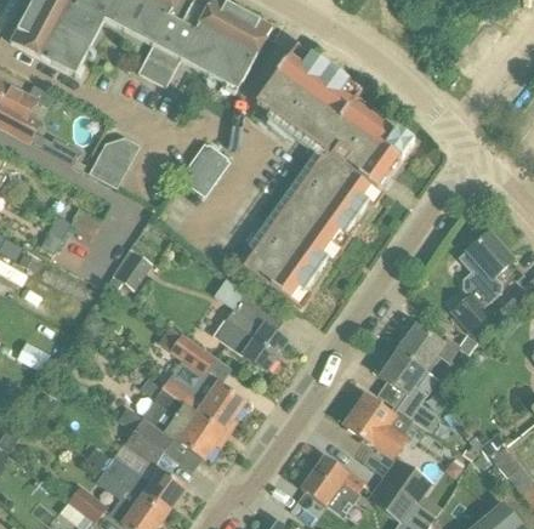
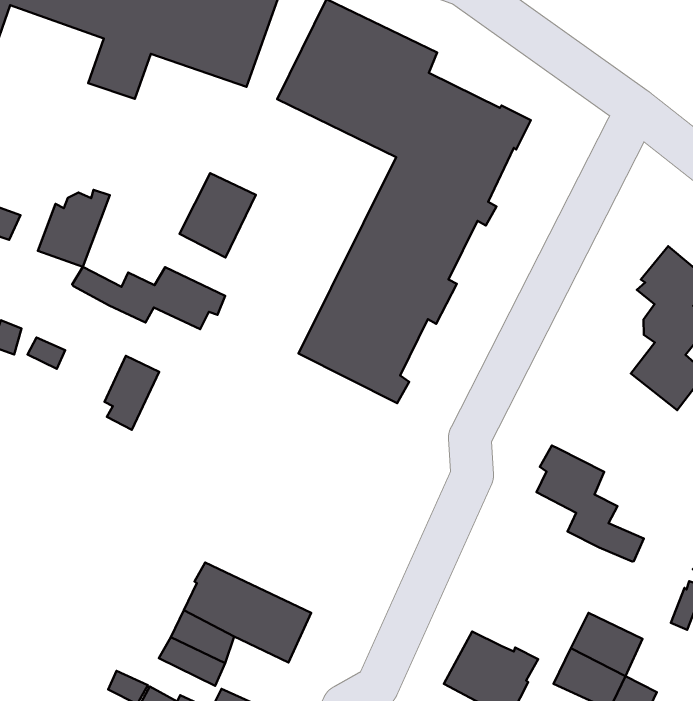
building: none -> [72,267,225,329]
building: [214,278,286,370] -> none
building: [396,325,477,370] -> none
building: [161,331,244,430] -> none
building: [343,397,411,454] -> none

